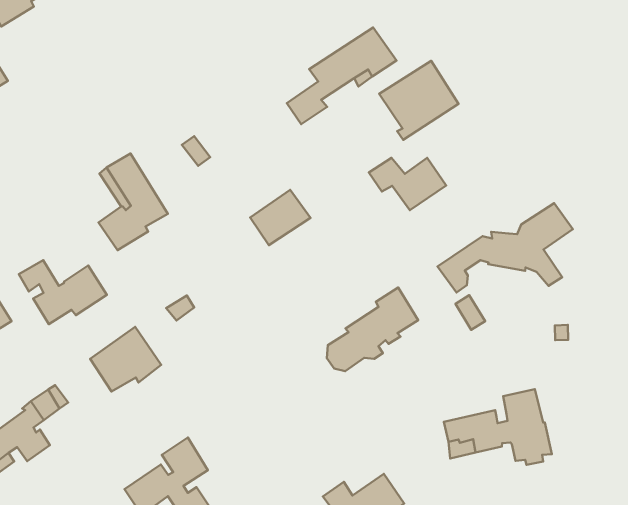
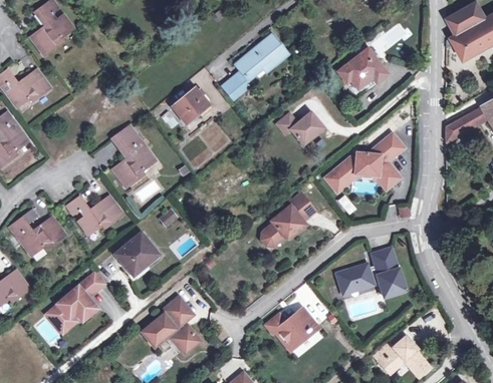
building: [379,61,458,140] -> [338,48,388,98]
building: [250,190,311,245] -> [173,87,210,122]
building: none -> [341,171,394,190]

